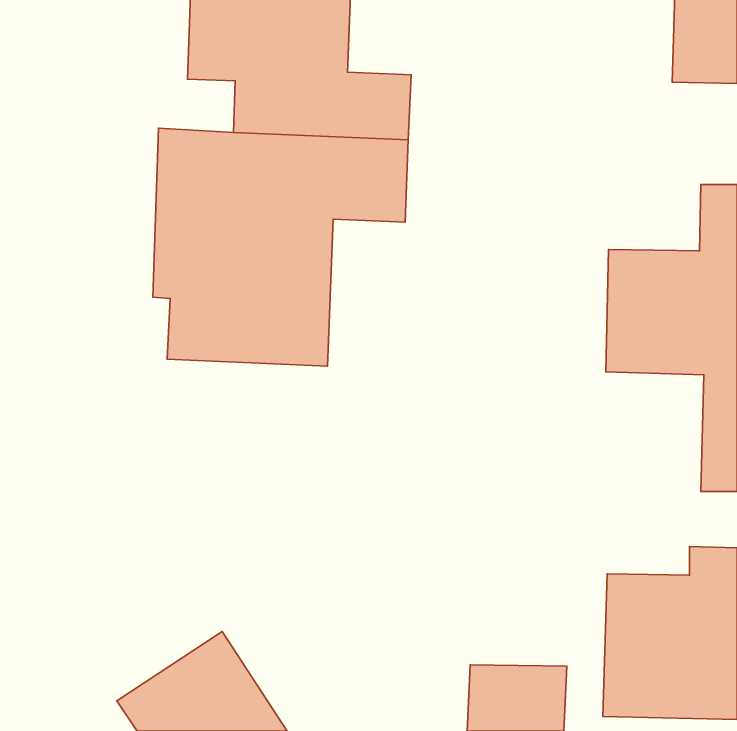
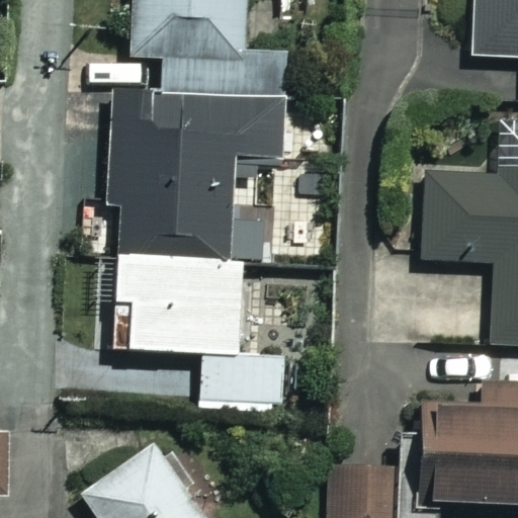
building: none -> [113,252,284,404]

